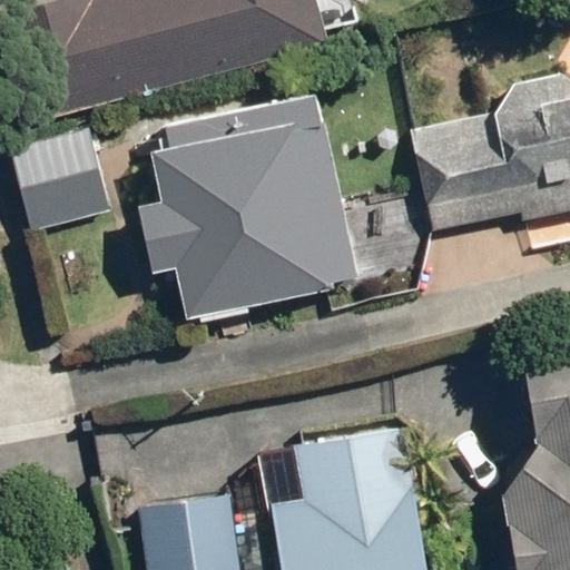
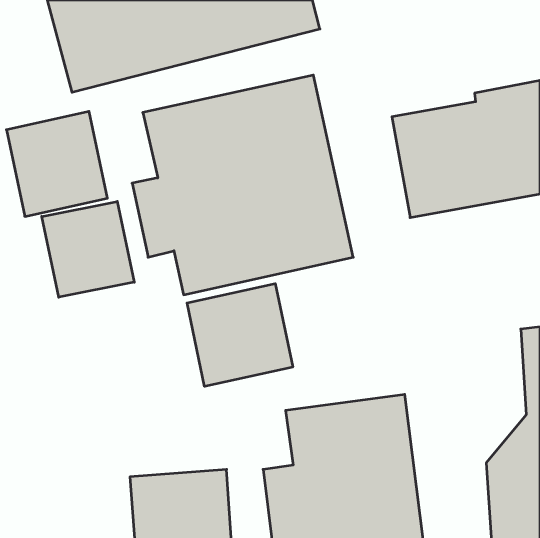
building: none -> [42,201,134,297]
building: none -> [187,284,293,386]

